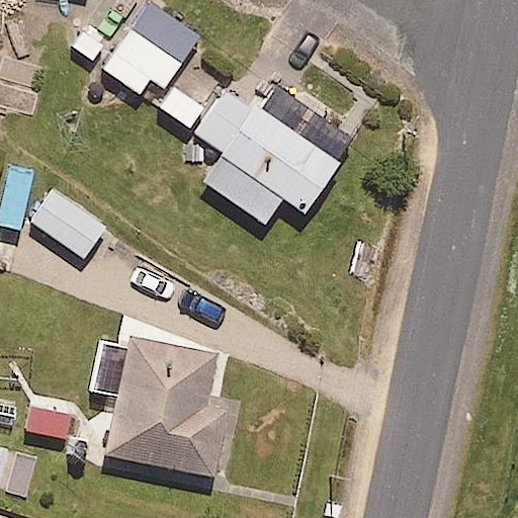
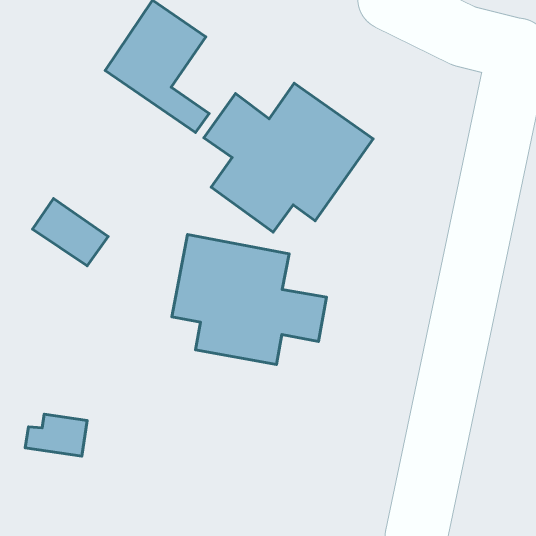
building: none -> [172,234,327,364]
building: [106,338,225,476] -> none

